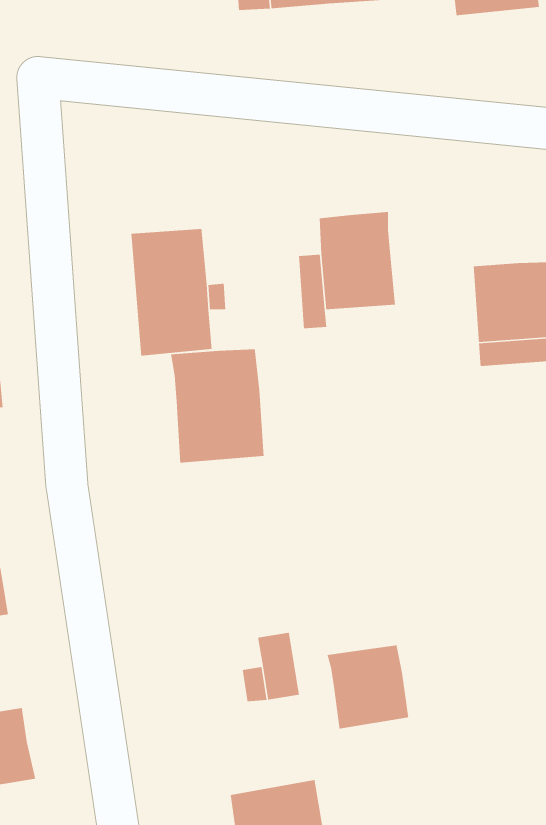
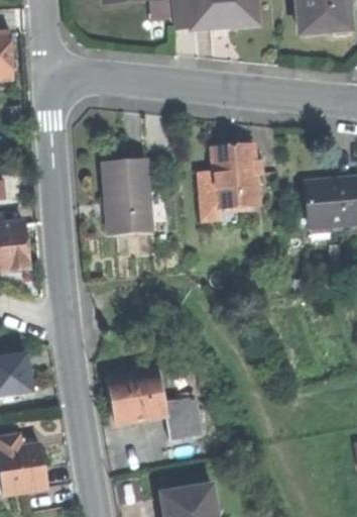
building: [170,349,265,463] -> none
building: none -> [109,372,166,424]
building: [327,645,409,729] -> none

